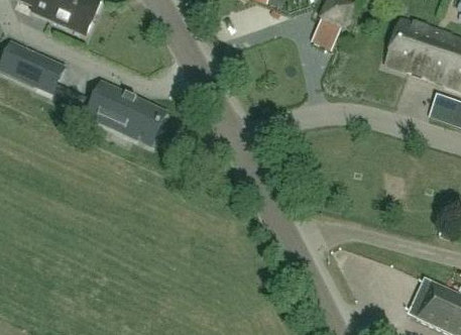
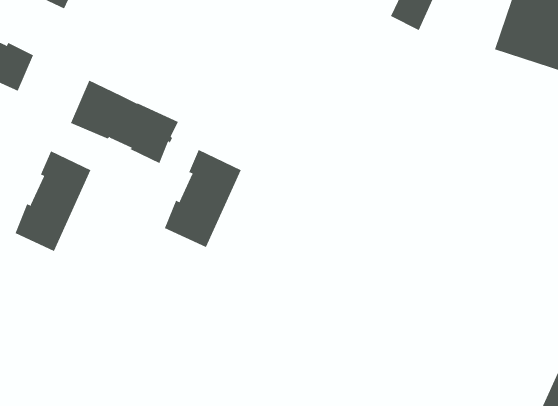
building: none -> [164,149,241,248]
building: none -> [15,150,91,252]

